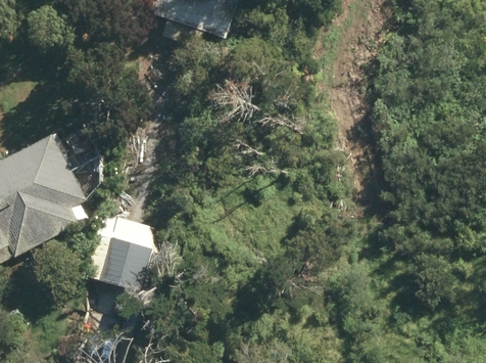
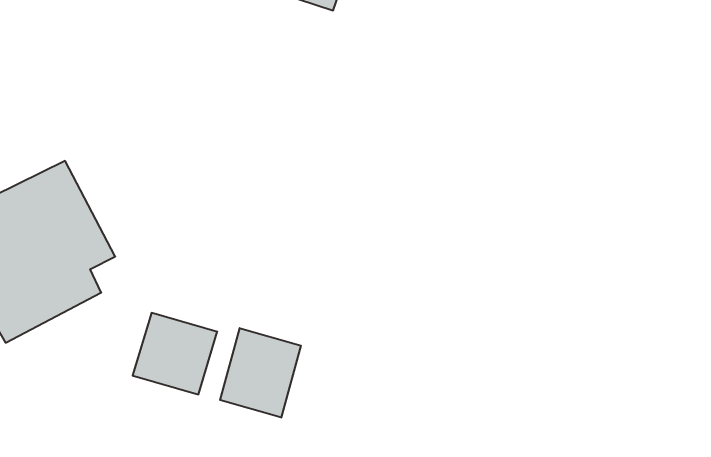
building: none -> [220,328,301,418]

